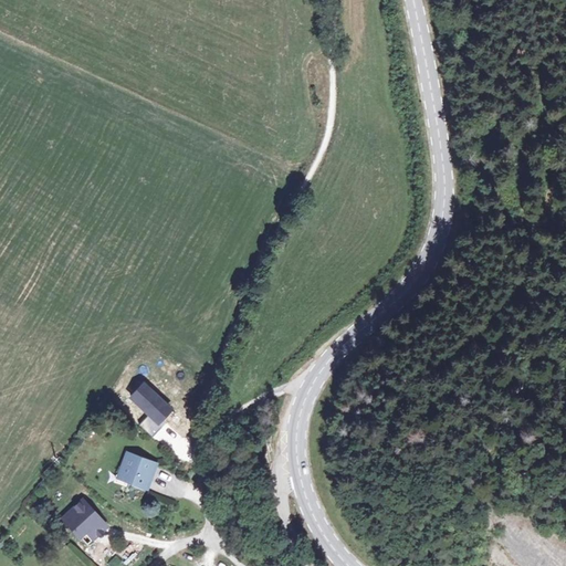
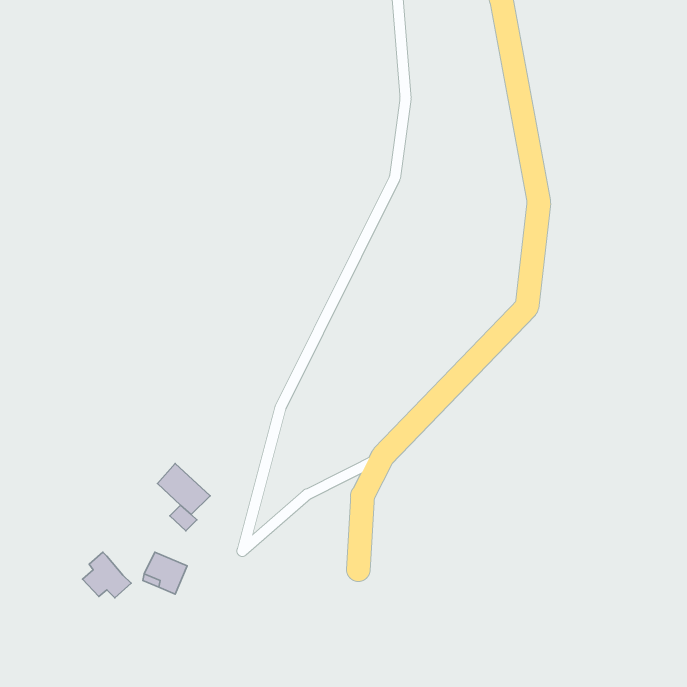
building: [66,503,106,541] -> [83,552,131,598]

